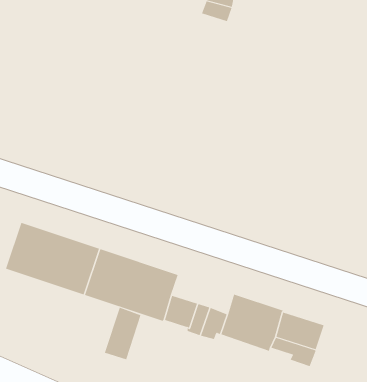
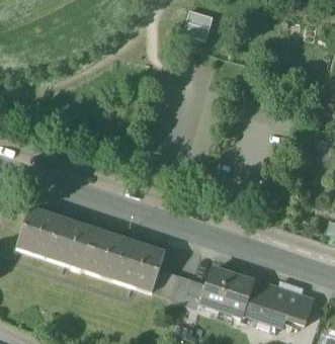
building: [104,307,141,360] -> none
building: none -> [280,294,311,324]

